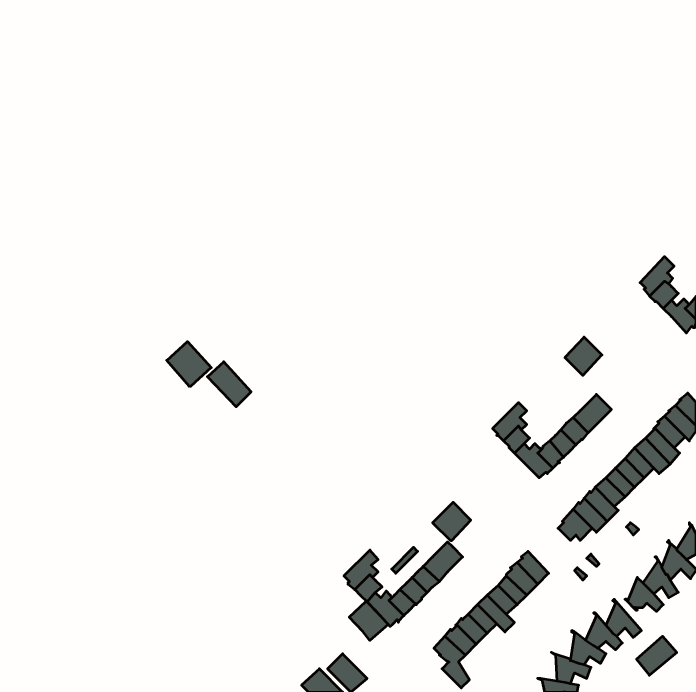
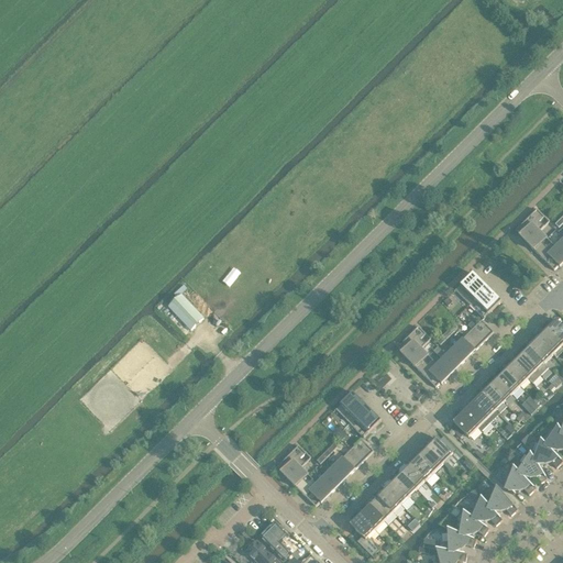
building: [167,342,211,386] -> none
building: none -> [470,286,499,317]
building: none -> [334,390,365,421]
building: none -> [426,434,455,462]
building: [349,601,388,640] -> none
building: [637,636,677,675] -> none

